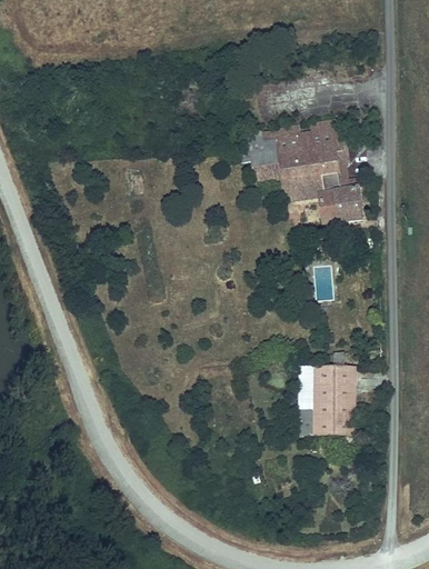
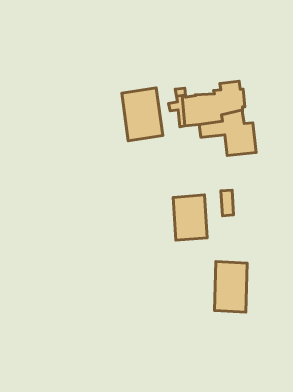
building: none -> [122,88,163,141]
building: none -> [173,195,207,240]

